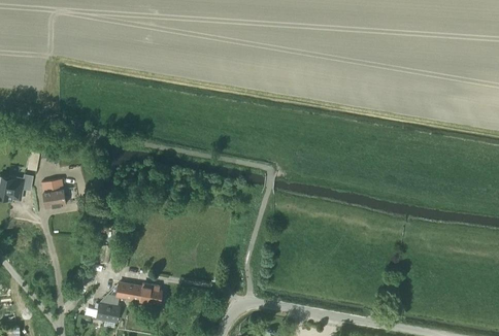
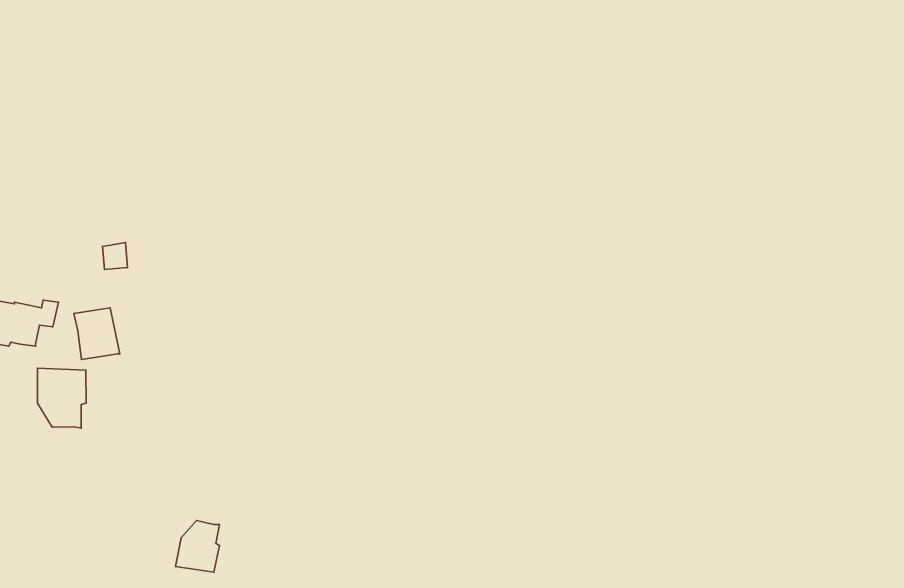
building: none -> [37,368,86,428]
building: [118,283,162,303] -> none

